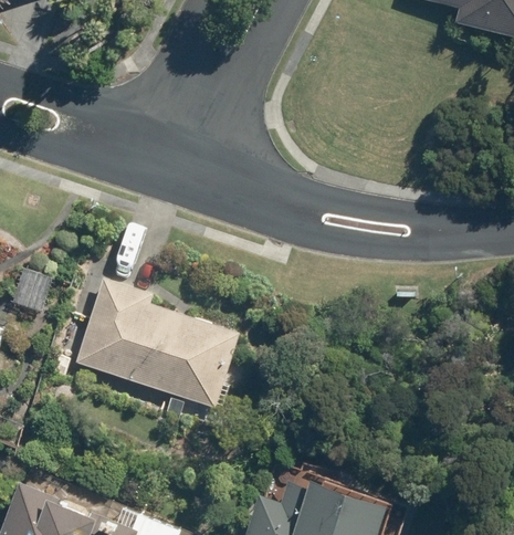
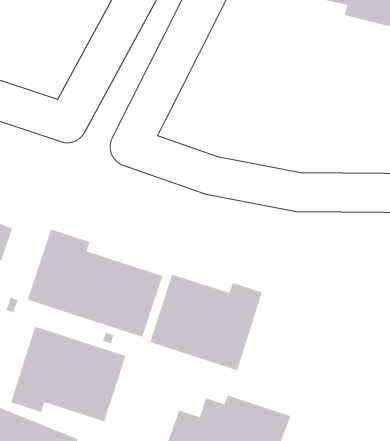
building: none -> [150,274,263,371]
building: none -> [10,326,126,422]

